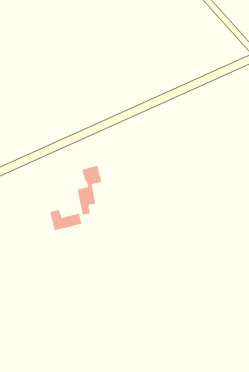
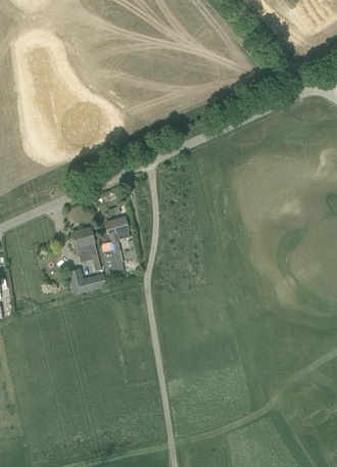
building: none -> [71,222,101,265]

